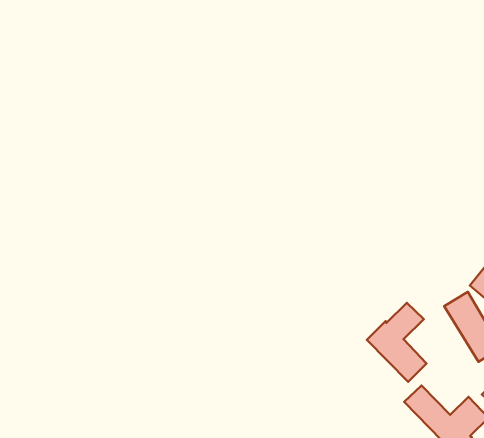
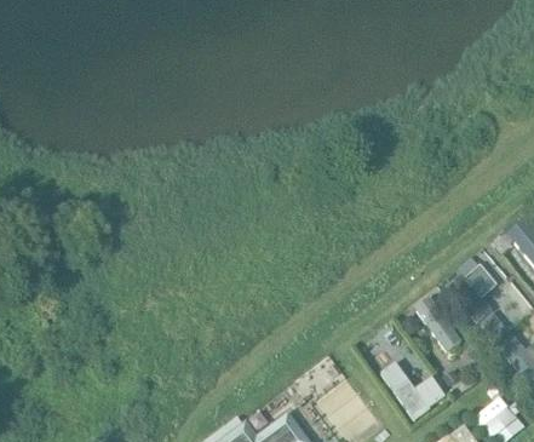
building: [367,303,427,382] -> none

